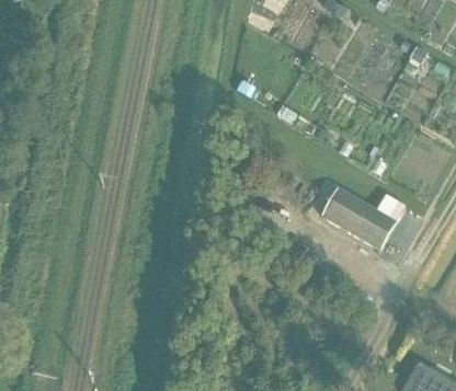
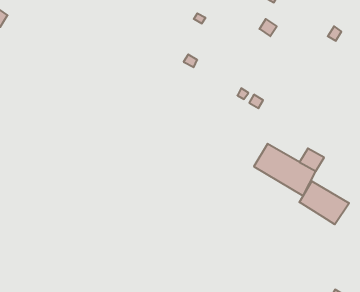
building: none -> [299,181,349,224]

